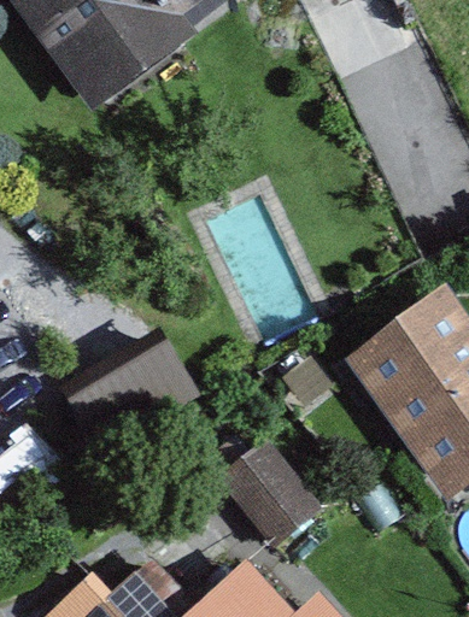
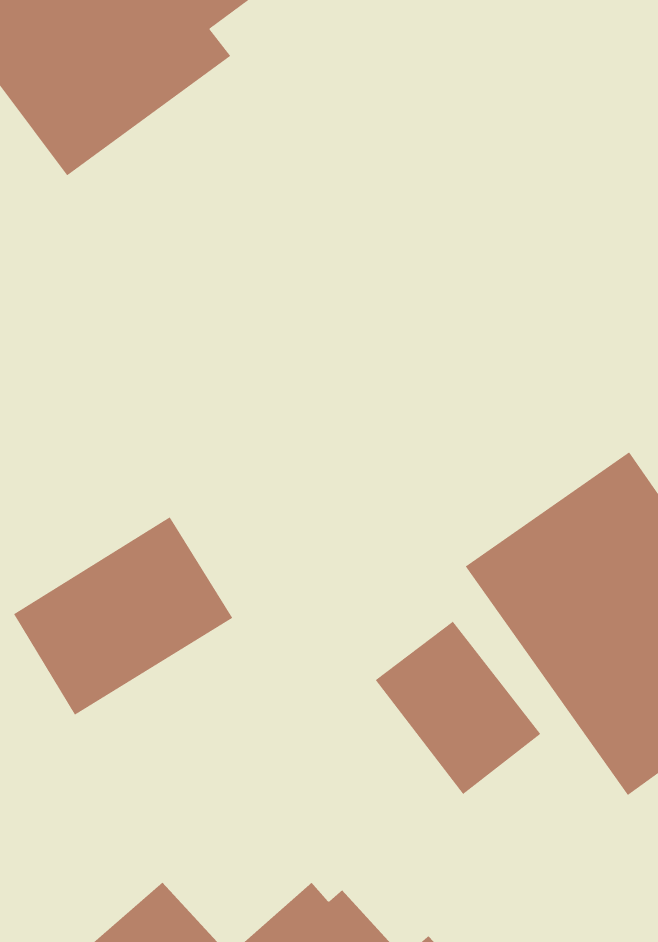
building: [217,439,322,548] -> [375,621,541,795]

